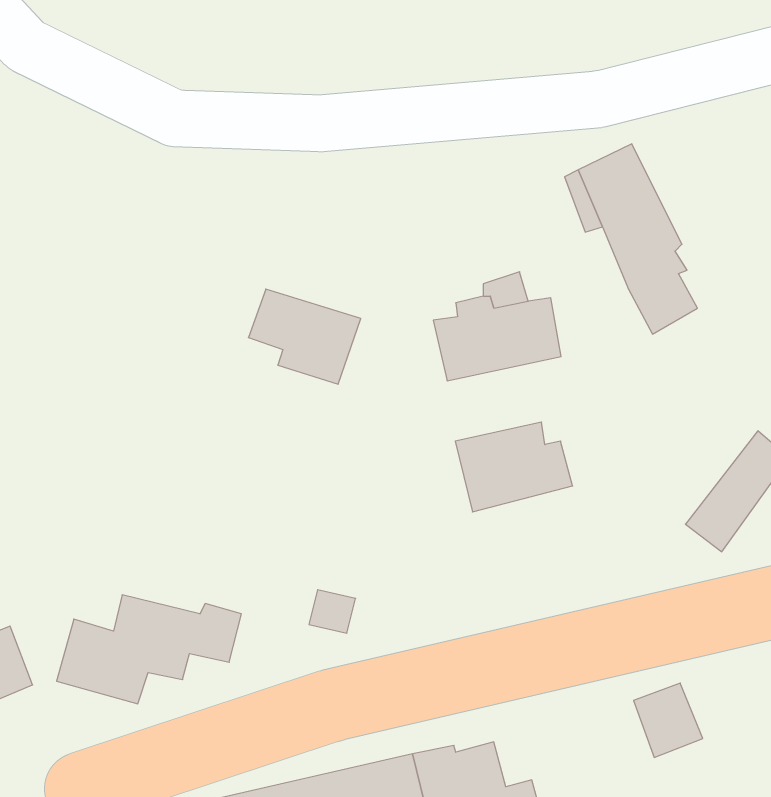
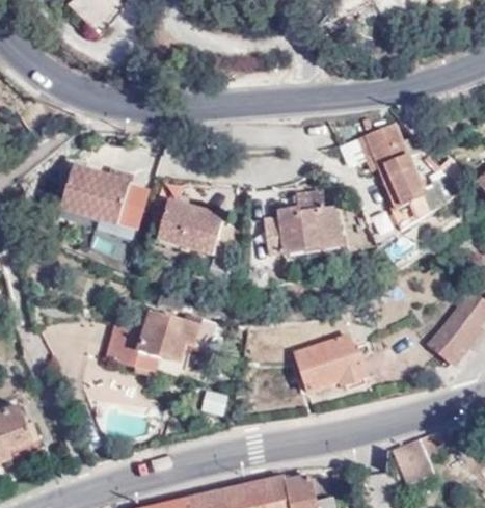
building: none -> [65,164,138,231]
building: [455,422,573,512] -> [295,337,366,391]
building: [57,595,241,704] -> [105,308,216,373]

